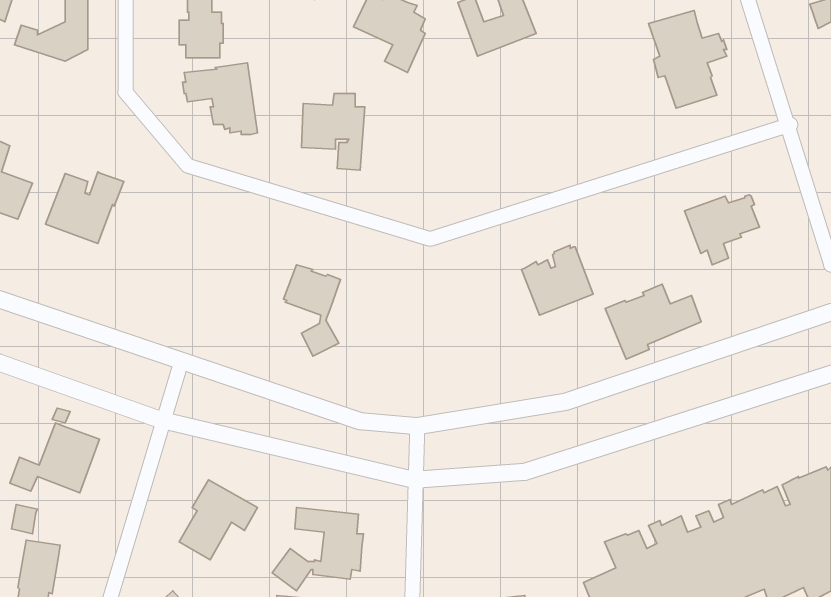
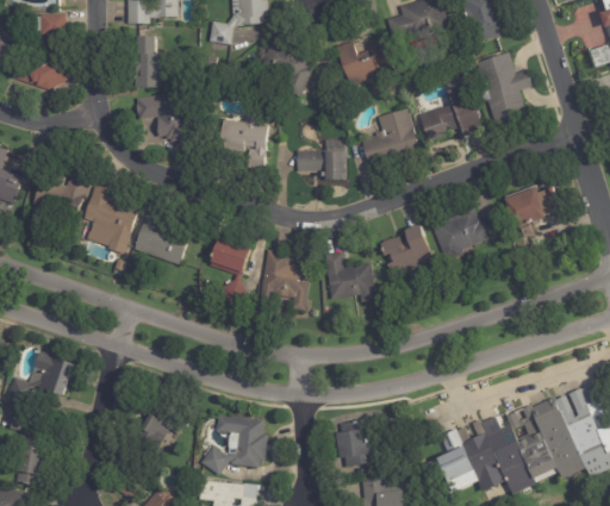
building: none -> [417,79,480,140]
building: none -> [360,108,418,165]
building: none -> [295,139,344,180]
building: none -> [83,186,138,254]
building: none -> [133,210,189,266]
building: none -> [259,250,312,312]
building: [605,284,701,359] -> [429,206,499,261]
building: none -> [325,252,375,302]
building: none -> [334,431,369,467]

